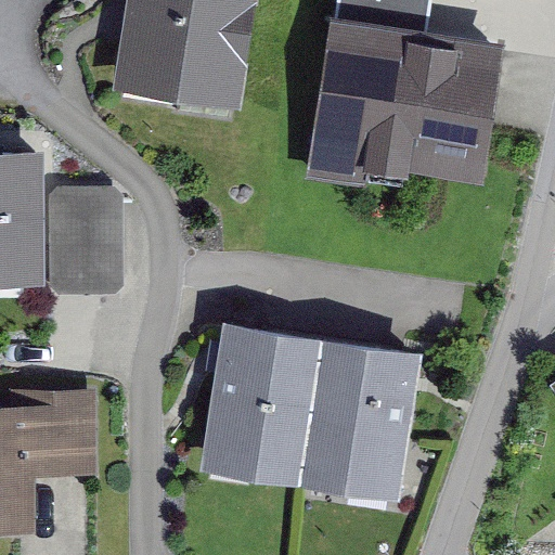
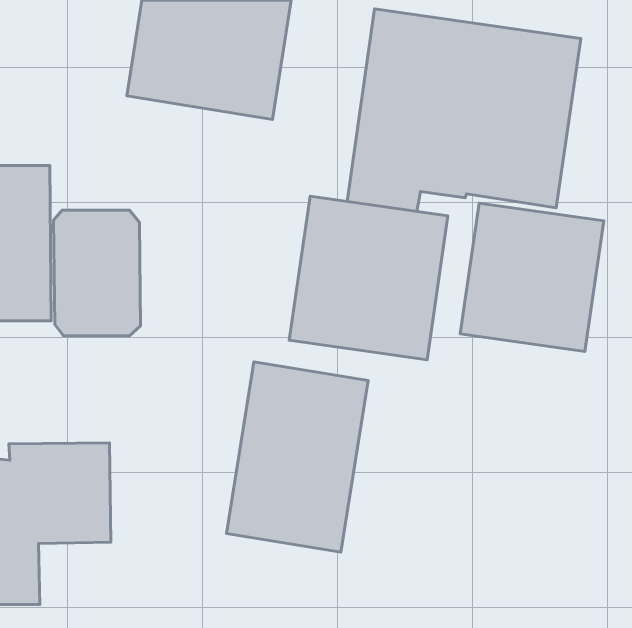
building: none -> [289,196,448,360]
building: none -> [460,203,604,351]
building: [297,338,421,504] -> none

